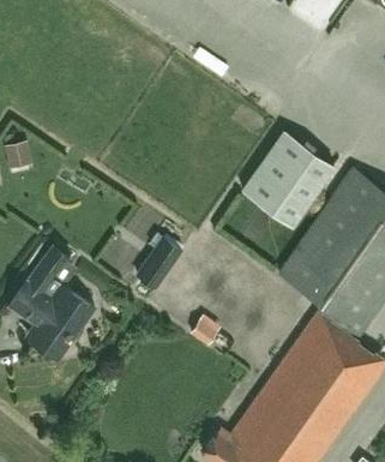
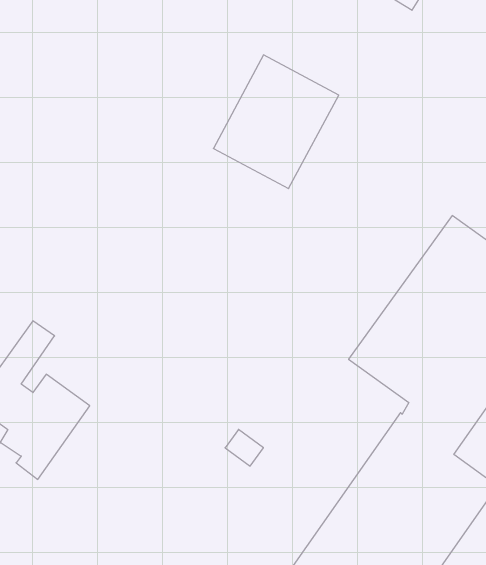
building: [242,126,332,222] -> [213,55,339,189]
building: [134,242,184,296] -> none

